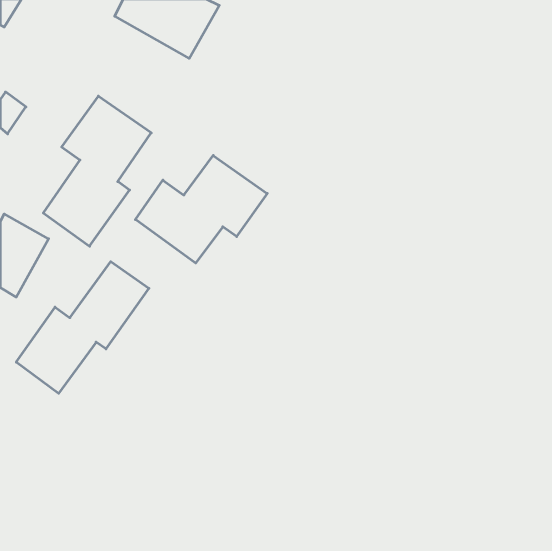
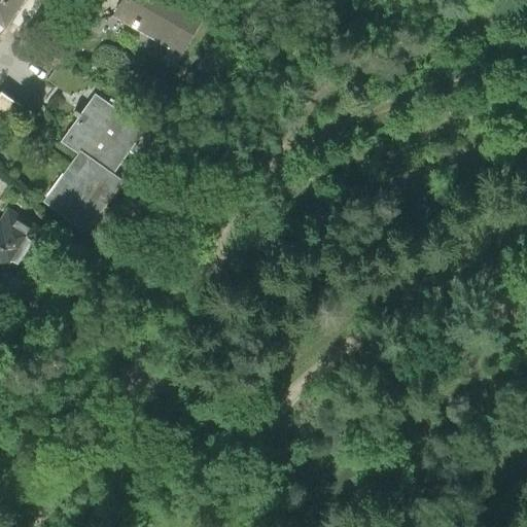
building: [135,155,267,263] -> none
building: [16,262,149,393] -> none

